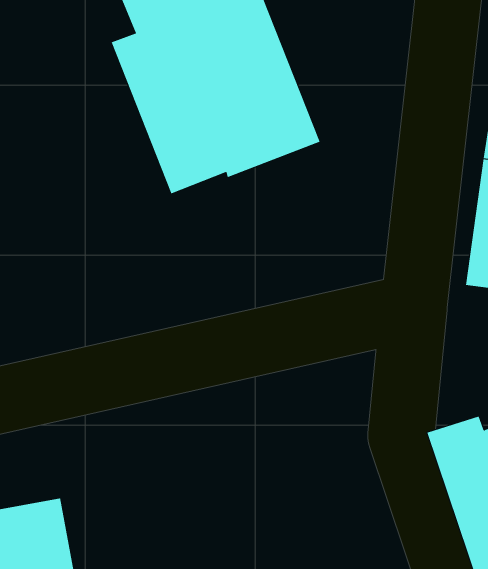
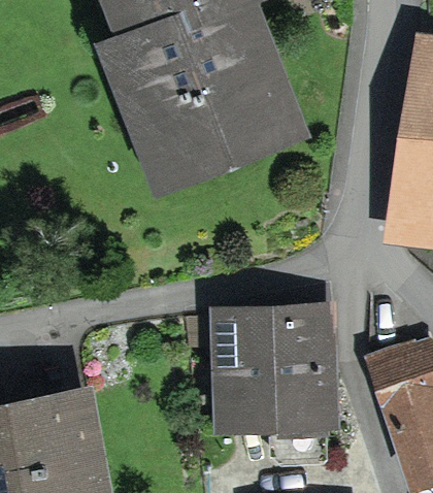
building: none -> [226,311,323,457]

